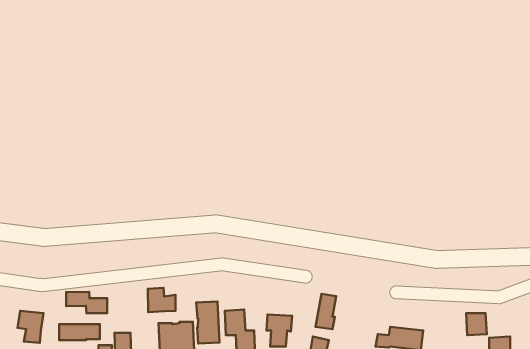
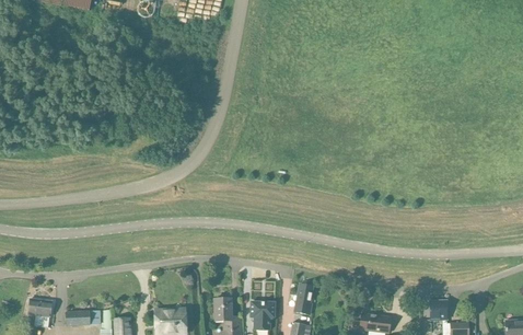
building: [148,288,175,312] -> none
building: [66,292,107,313] -> none
building: [196,302,220,343] -> none

